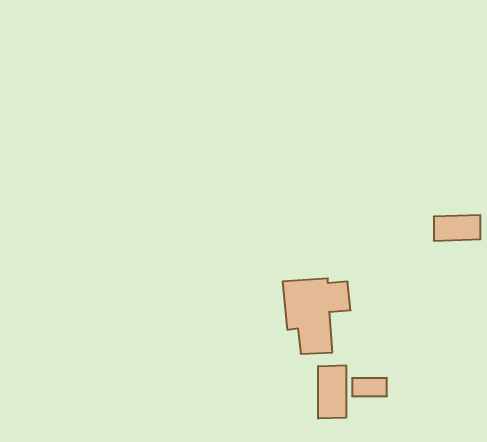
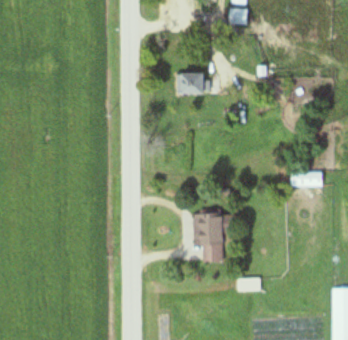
building: none -> [179,73,209,93]
building: [318,365,346,419] -> none

